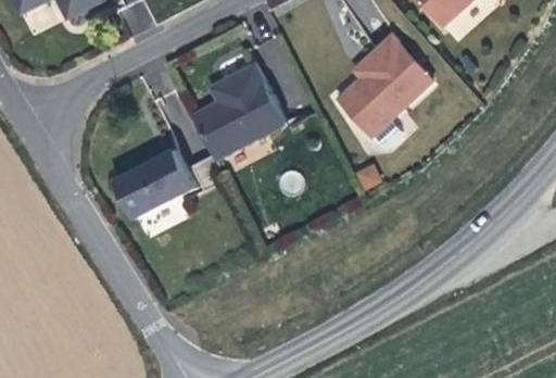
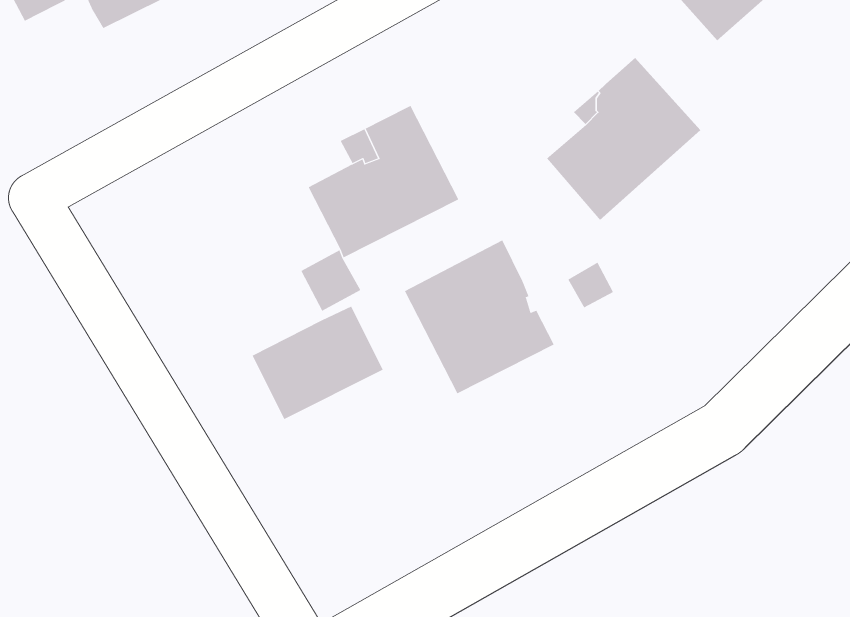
building: none -> [404,240,555,394]
building: [114,149,194,218] -> [252,306,383,420]

